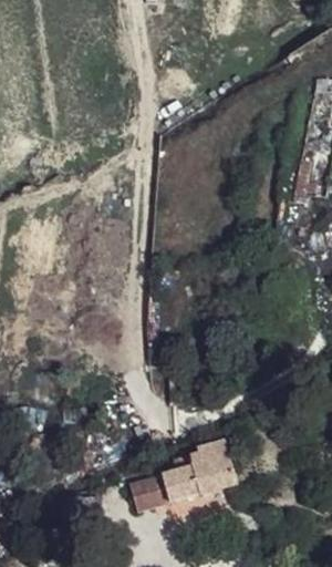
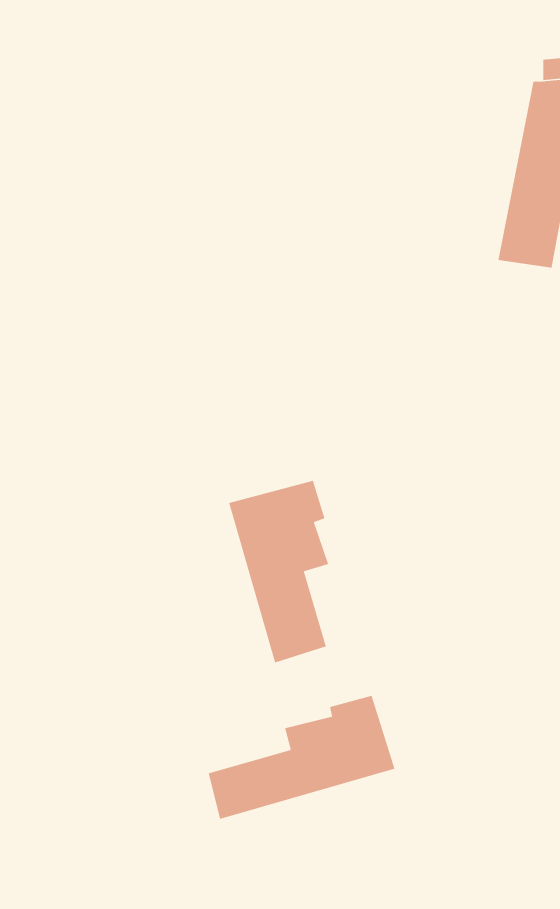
building: none -> [228,480,329,663]

